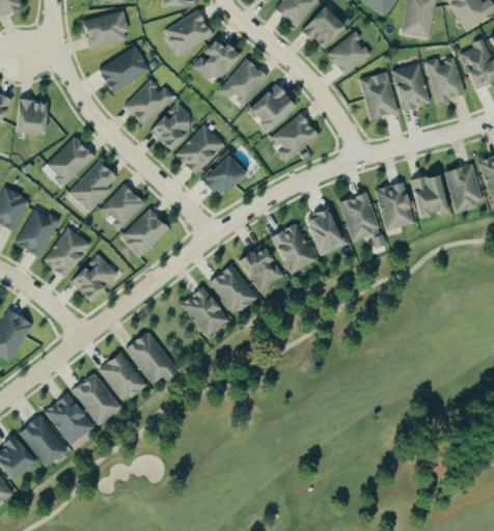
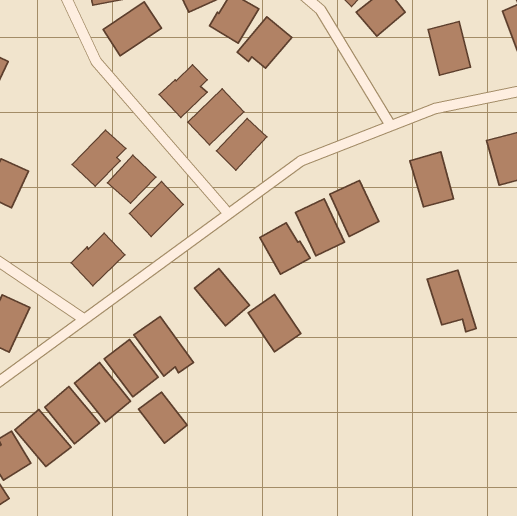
building: [426,57,465,102] -> none
building: [361,72,399,118] -> none
building: [124,79,174,127] -> none
building: [246,84,295,131] -> none
building: [15,99,47,134] -> none
building: [272,113,319,161] -> none
building: [45,136,95,186] -> none
building: [410,172,446,217] -> none
building: [340,192,385,248] -> [427,270,476,332]
building: [15,207,59,257] -> none
building: [44,226,90,278] -> none
building: [210,263,257,315] -> [248,295,301,352]
building: none -> [138,392,187,443]

